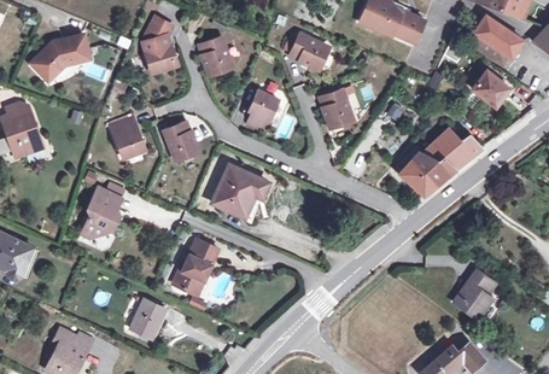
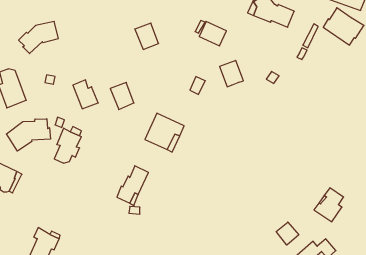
building: [144,18,176,72] -> none
building: [472,65,509,106] -> none
building: [247,82,287,132] -> none
building: [404,128,481,192] -> none
building: none -> [6,119,50,151]
building: [129,298,165,338] -> none
building: none -> [276,222,299,245]

